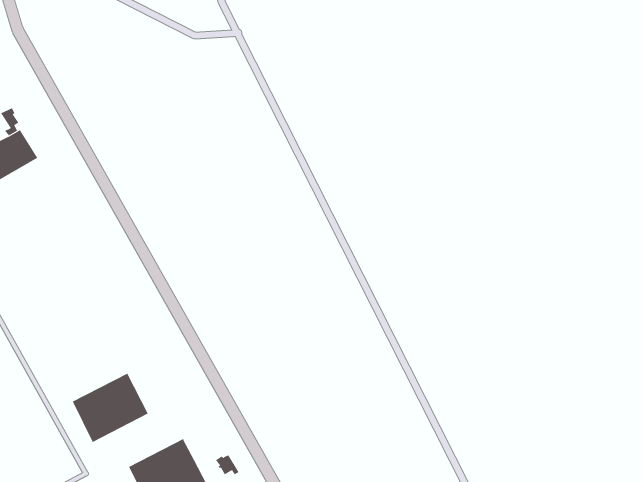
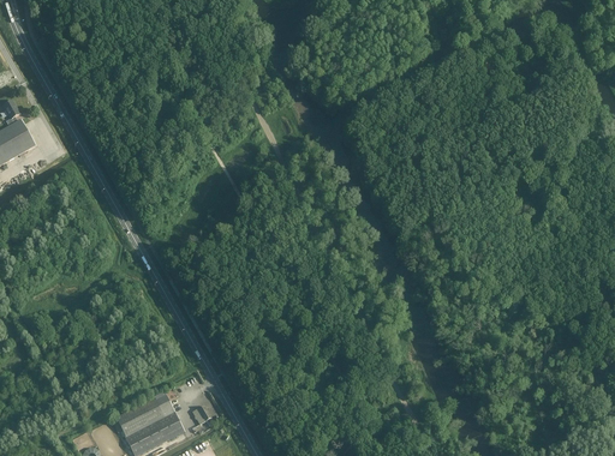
building: [72,373,149,443] -> none

